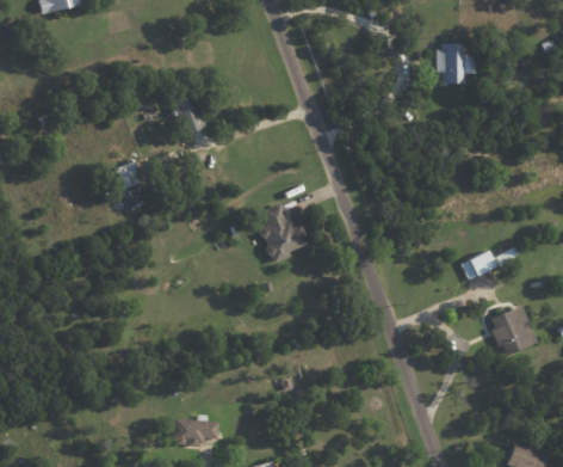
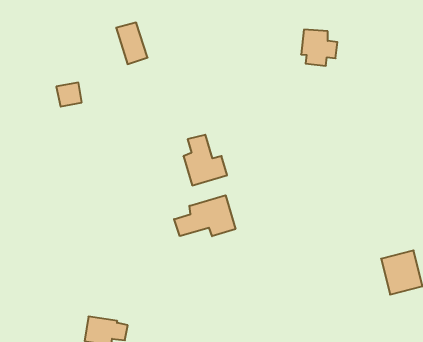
building: [437,45,475,84] -> [301,30,337,66]
building: [460,251,495,281] -> none
building: none -> [174,195,235,236]

